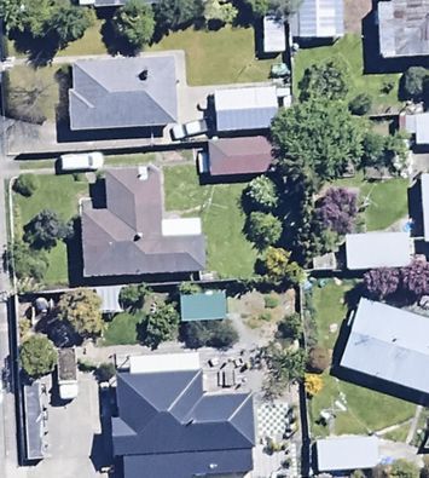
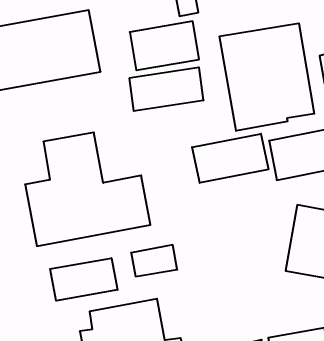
building: none -> [220,23,314,131]
building: none -> [192,134,268,183]
building: none -> [50,258,118,301]

